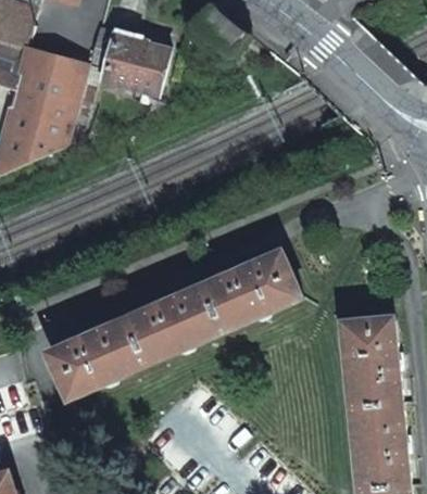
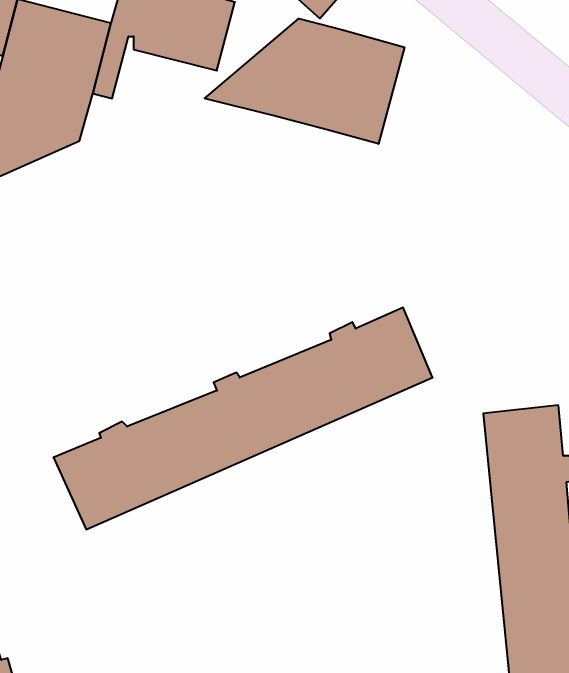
building: none -> [205,19,404,144]

